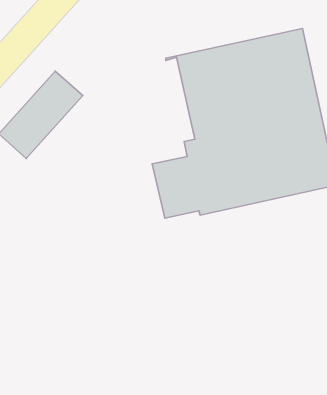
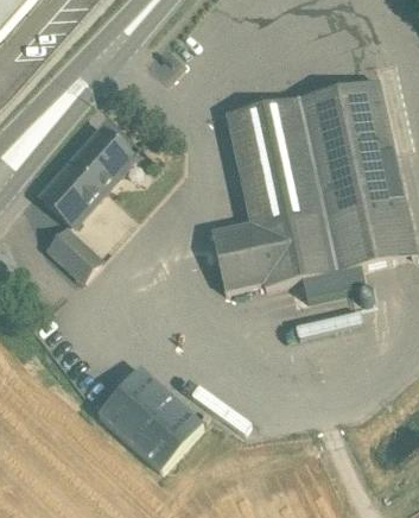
building: none -> [49,228,99,278]
building: none -> [97,365,203,468]

